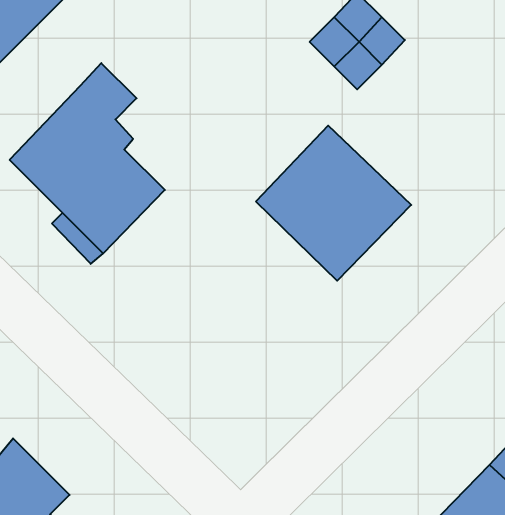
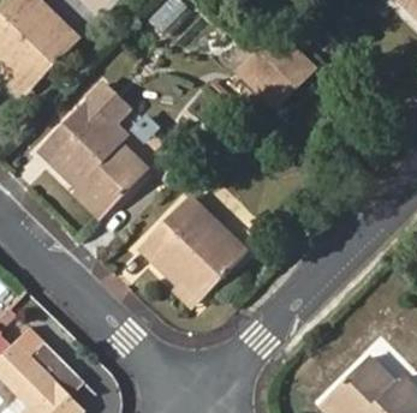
building: [256,126,411,281] -> [141,196,246,301]

